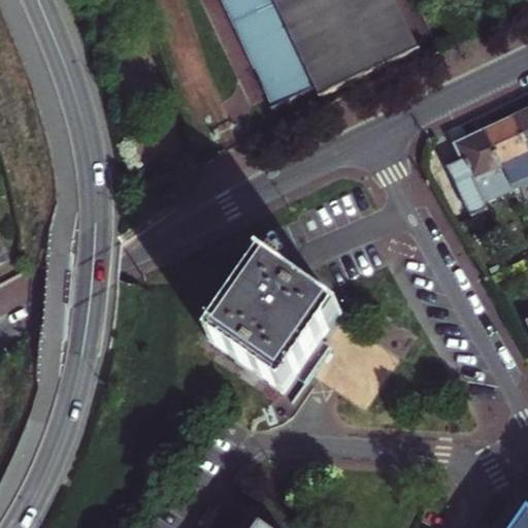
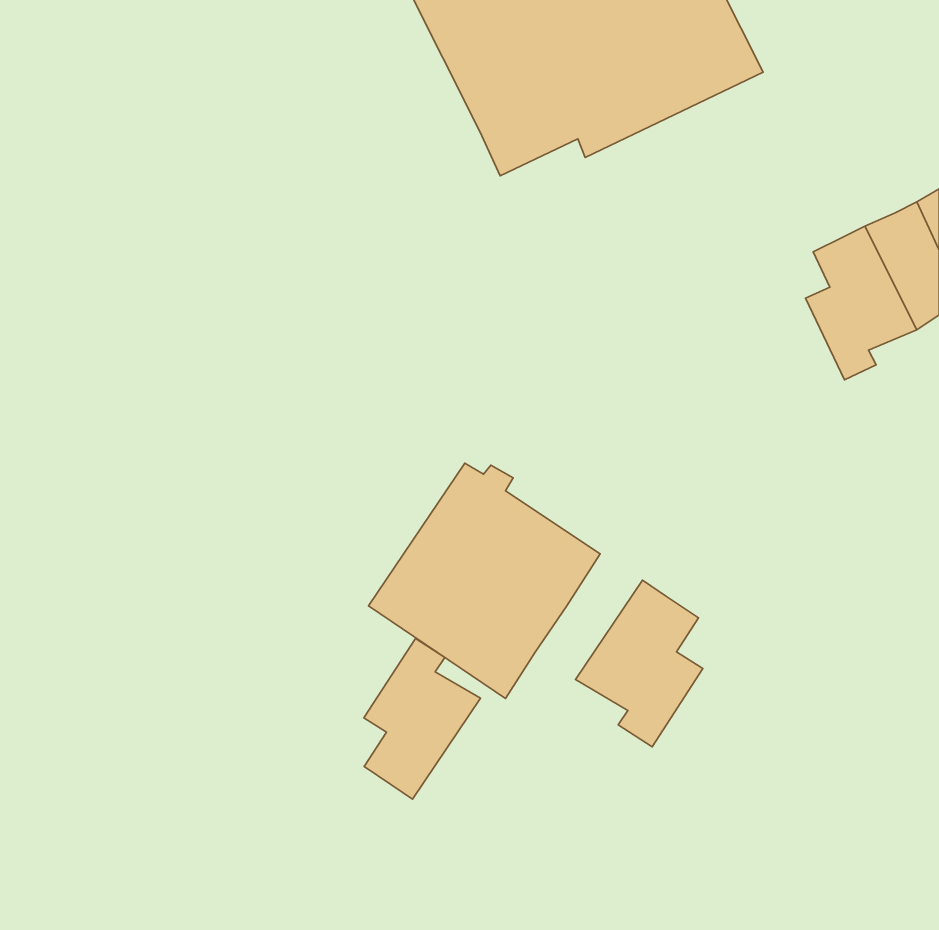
building: none -> [575,580,703,747]
building: none -> [364,638,481,799]

